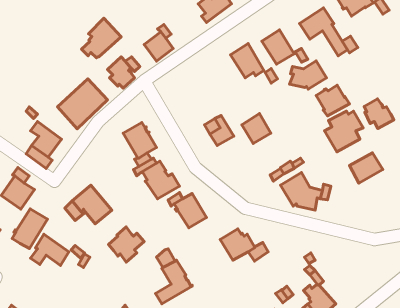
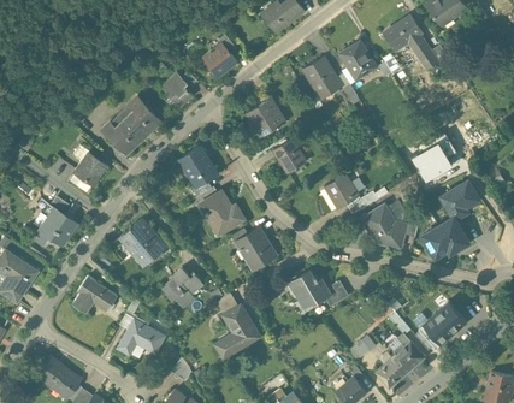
building: [82,18,121,58] -> none
building: [290,61,327,89] -> none
building: none -> [250,99,285,136]
building: [316,85,350,116] -> none
building: [364,99,394,129] -> none
building: [242,113,271,144] -> [325,174,359,209]
building: none -> [423,219,469,260]
building: [12,209,47,249] -> none
building: none -> [419,302,466,348]
building: none -> [118,320,165,356]

